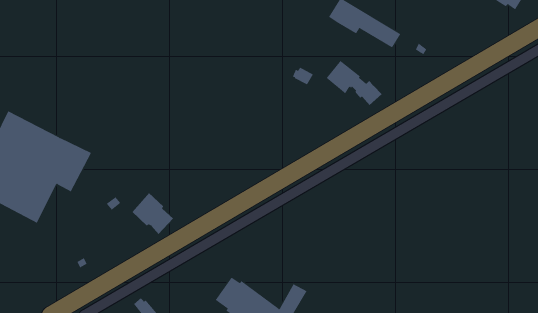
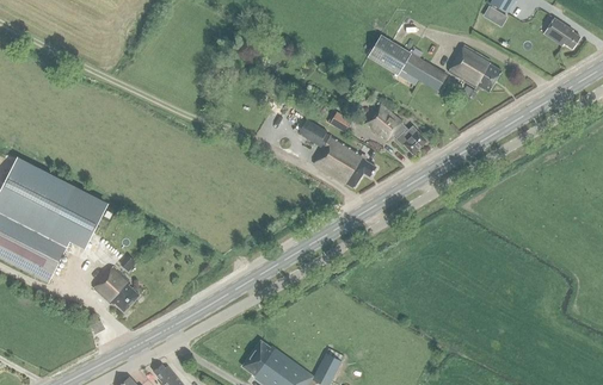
building: none -> [447,44,502,92]
building: none -> [294,116,376,187]
building: [131,192,174,235] -> [93,266,140,312]

